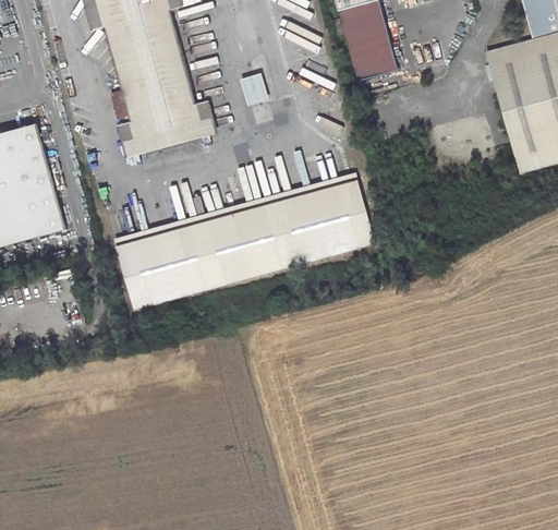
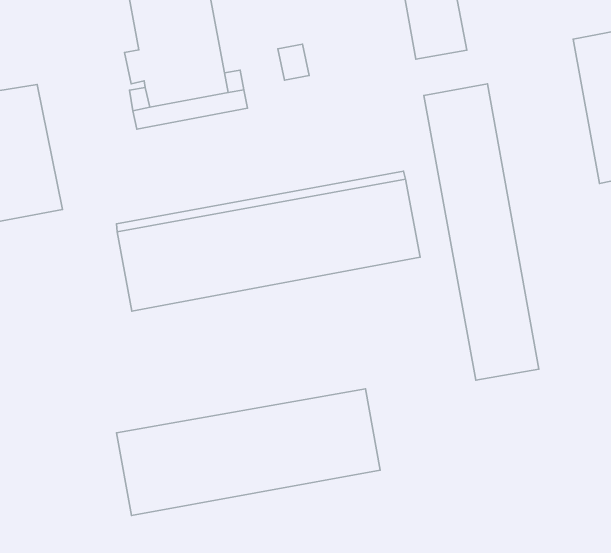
building: none -> [424,84,539,380]
building: none -> [116,389,380,515]

